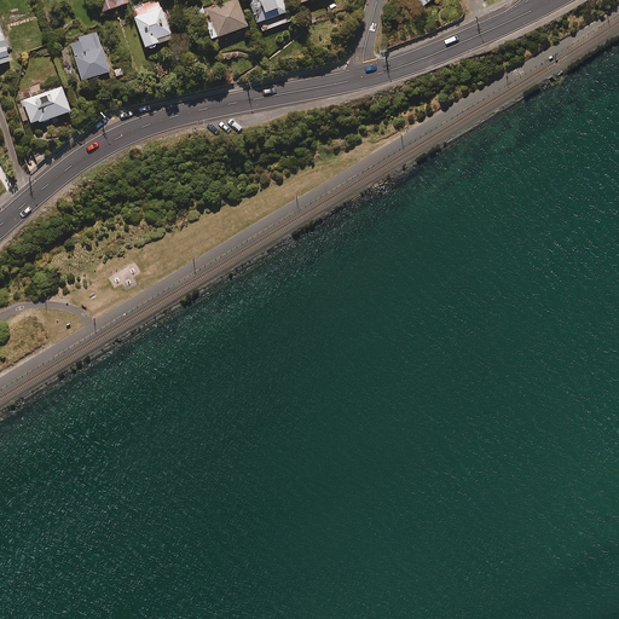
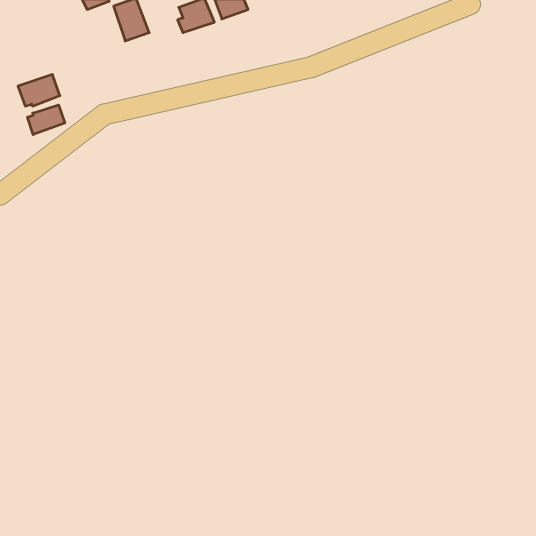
building: [71,31,109,79] -> none
building: none -> [28,105,65,135]

